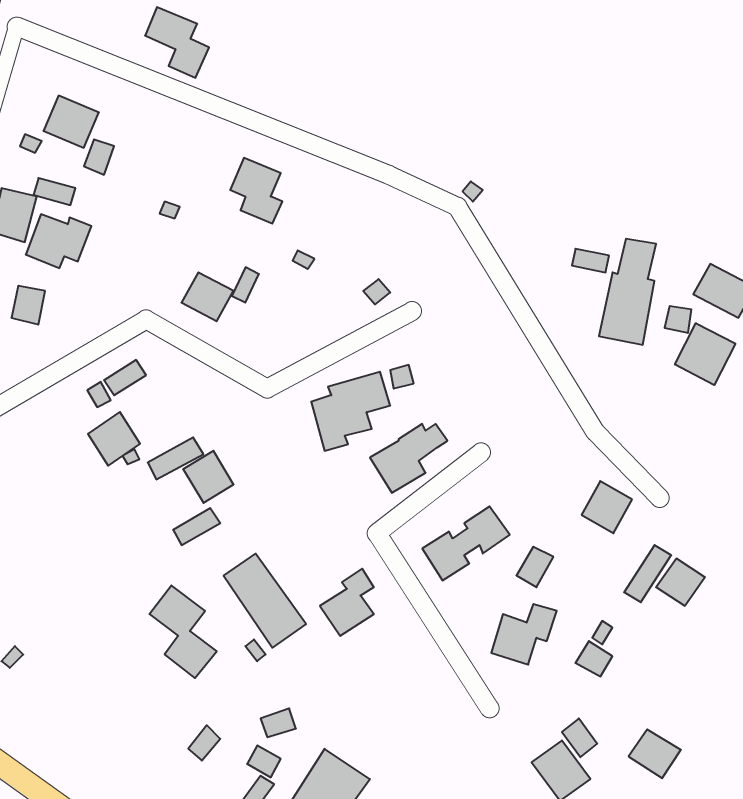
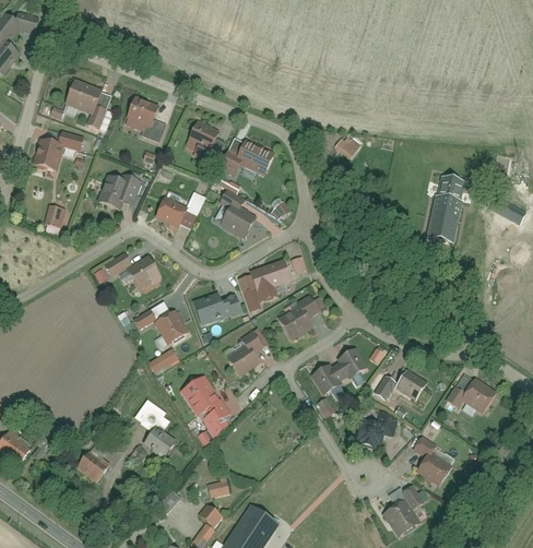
building: [145,7,209,78] -> [127,99,168,145]
building: none -> [218,141,276,176]
building: [26,214,91,268] -> [99,175,142,210]
building: none -> [217,190,256,237]
building: [675,323,735,385] -> none
building: [88,412,140,466] -> [127,254,161,289]
building: none -> [194,288,241,323]
building: [582,481,632,533] -> [395,367,428,401]
building: [320,569,374,636] -> [226,332,261,376]
building: none -> [78,449,112,483]
building: [629,729,681,778] -> [417,454,451,486]

